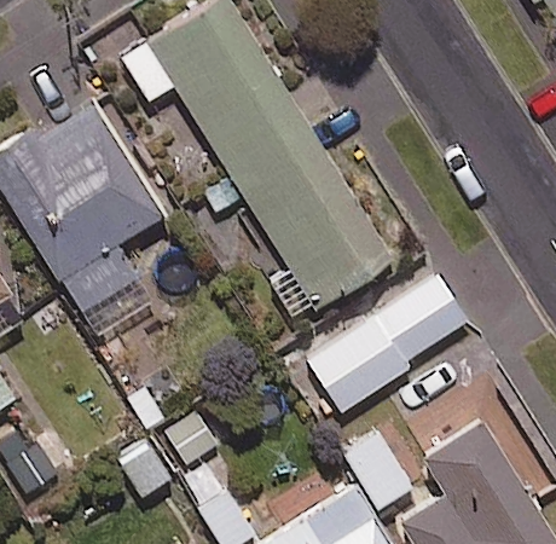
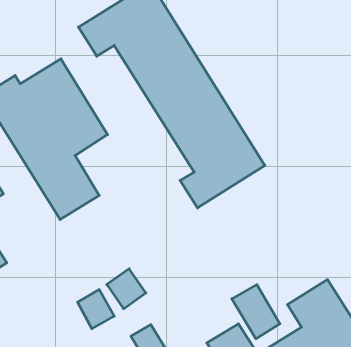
building: [307,276,467,412] -> none

